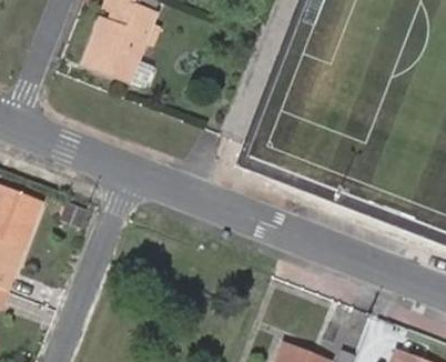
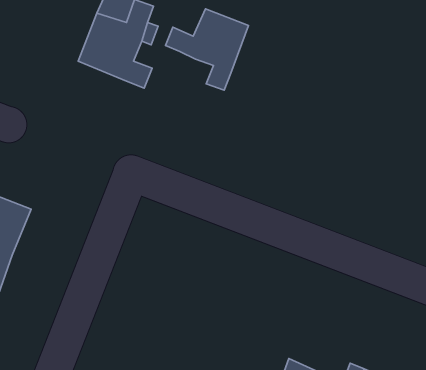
building: none -> [165,9,248,90]

